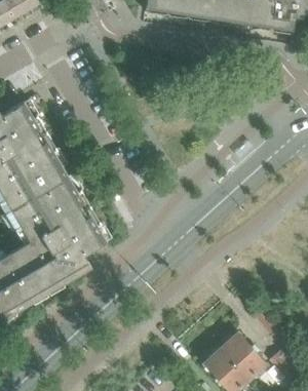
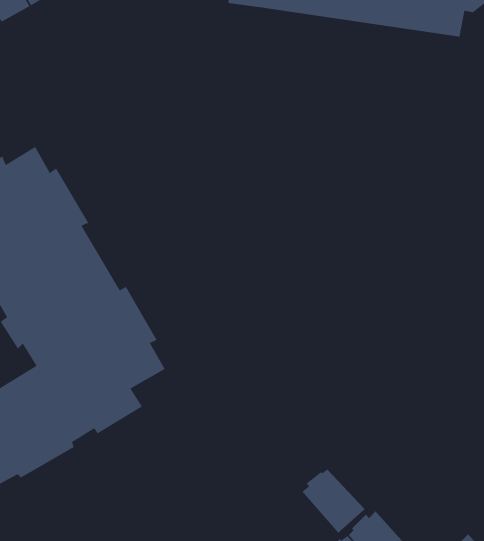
building: none -> [301,468,366,534]

